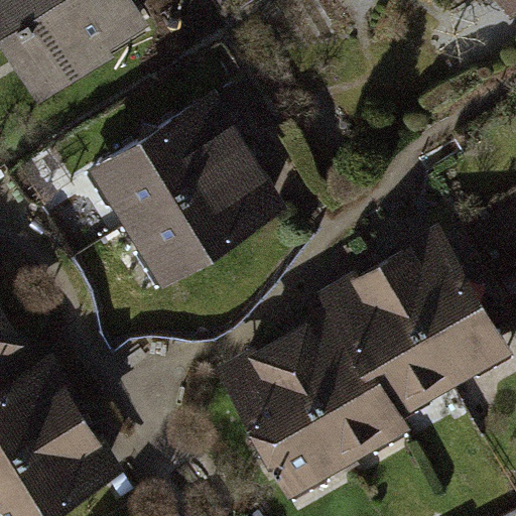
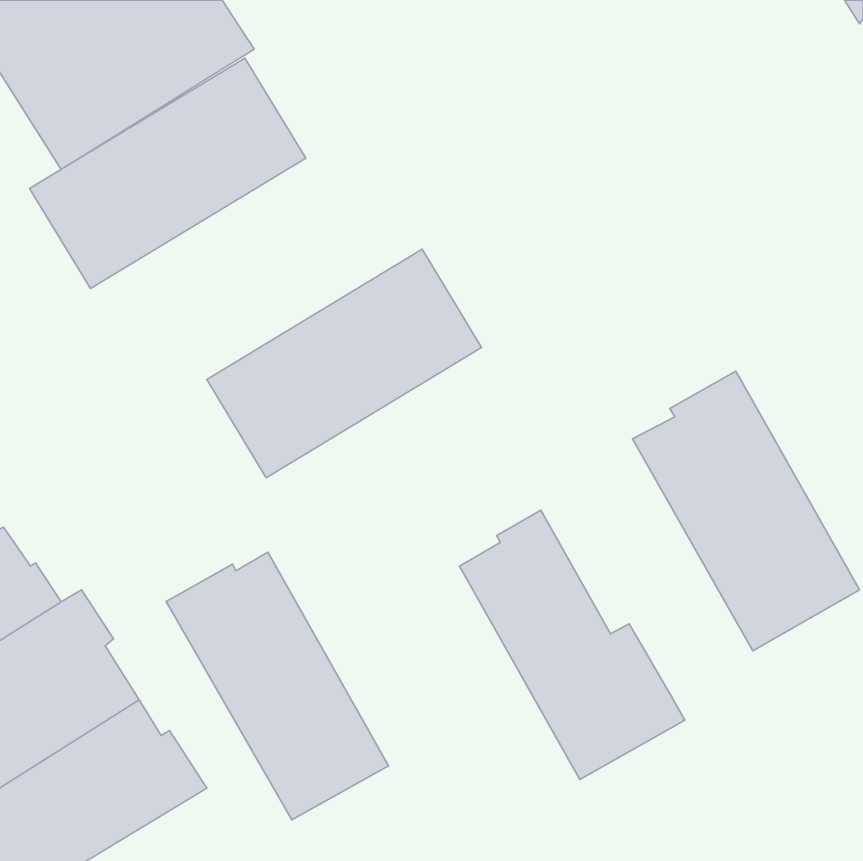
building: [87,92,251,229] -> [29,58,306,289]
building: [314,264,447,417] -> none
building: [213,340,345,499] -> [166,552,388,820]

